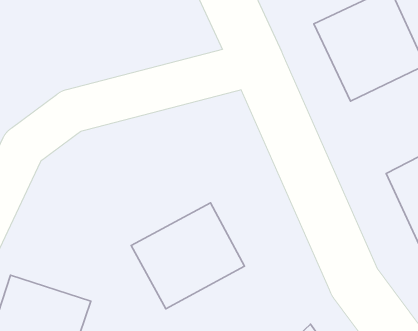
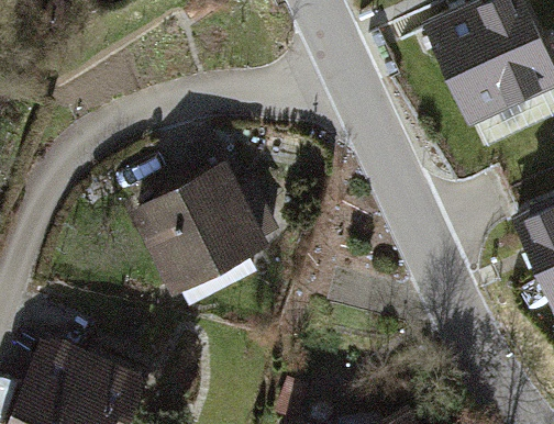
building: [131,203,244,309] -> [140,163,279,293]

